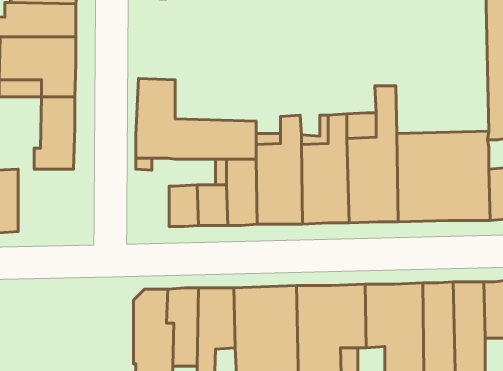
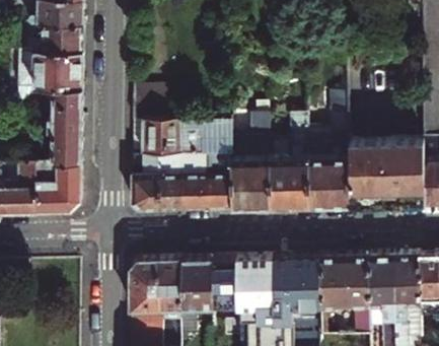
building: none -> [131,151,163,209]
building: none -> [34,160,80,212]

